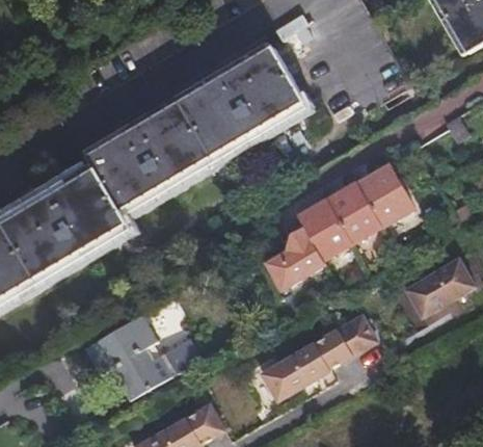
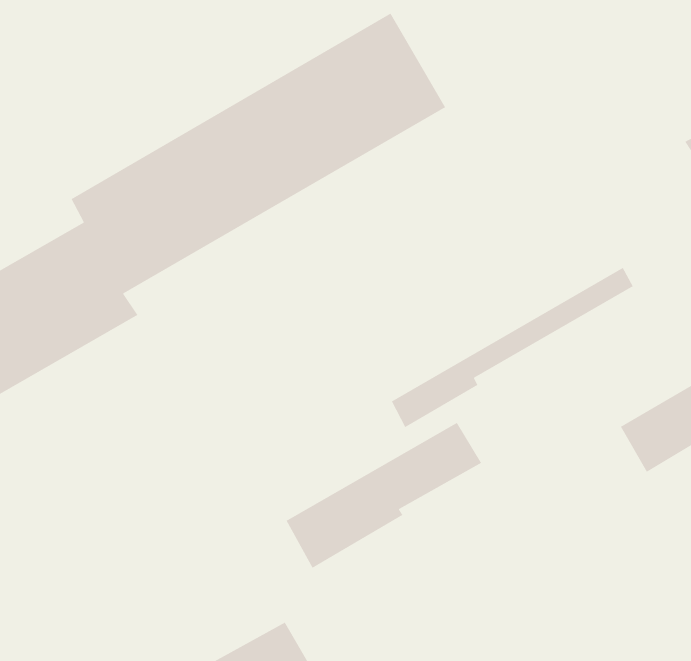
building: [265,166,406,275] -> none
building: [87,314,200,396] -> none
building: [263,315,377,400] -> [285,422,482,569]

